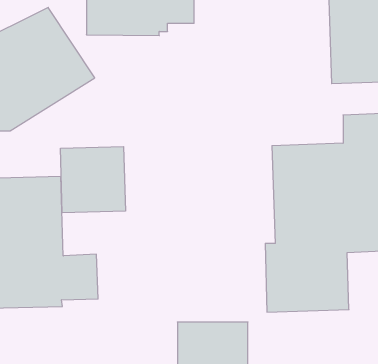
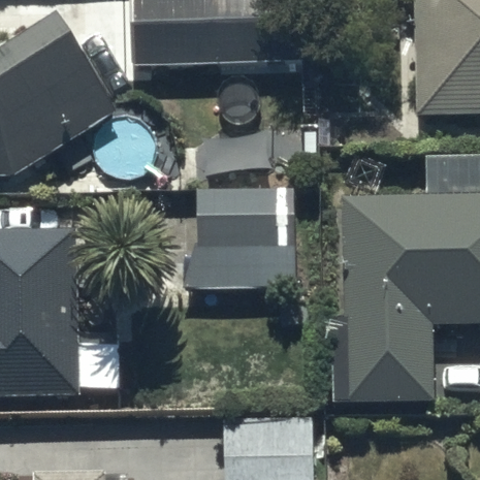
building: none -> [198,186,318,289]
building: [61,147,125,213] -> none

